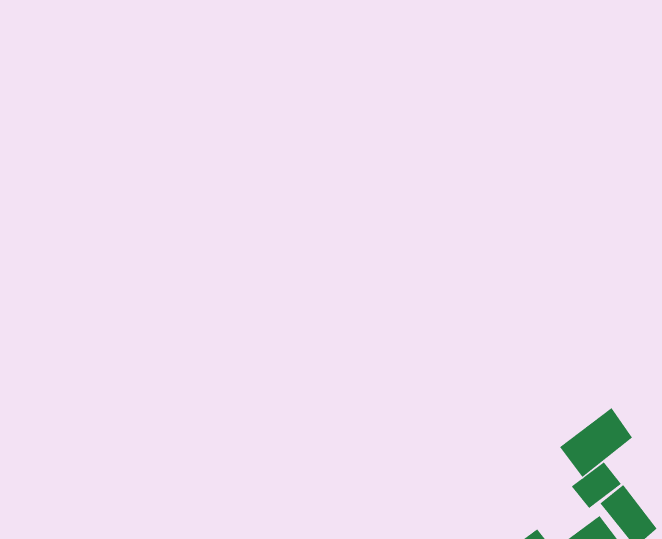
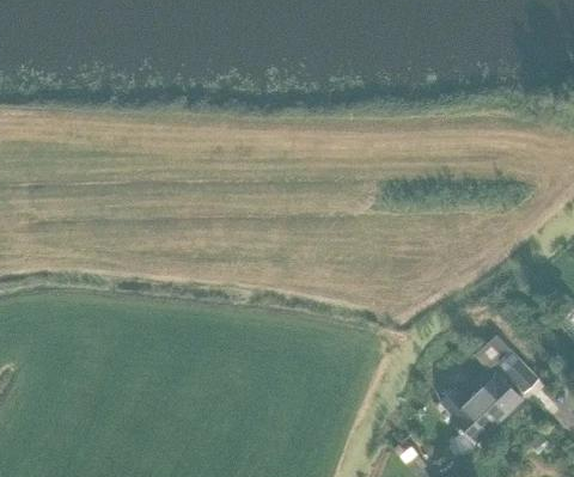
building: [559,407,633,478] -> none

